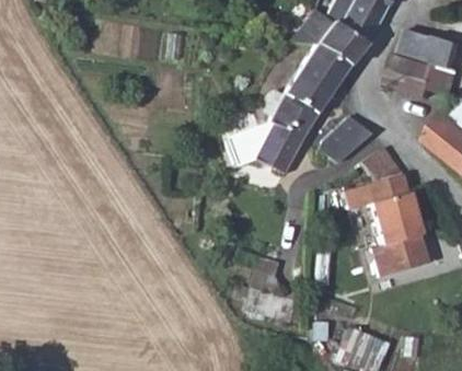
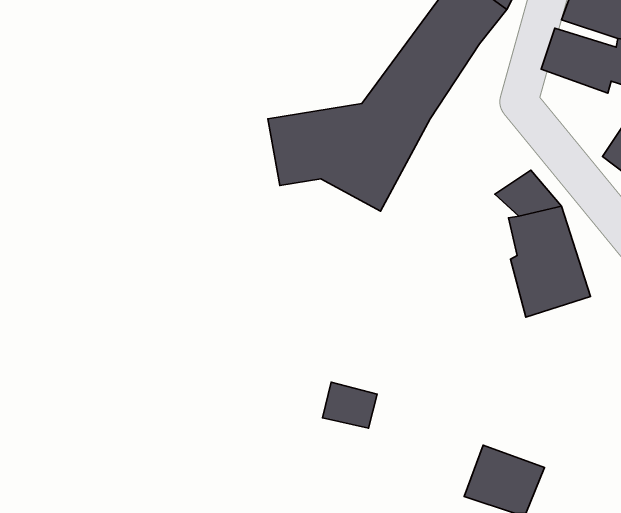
building: [319,119,371,163] -> none
building: [377,230,426,267] -> none

